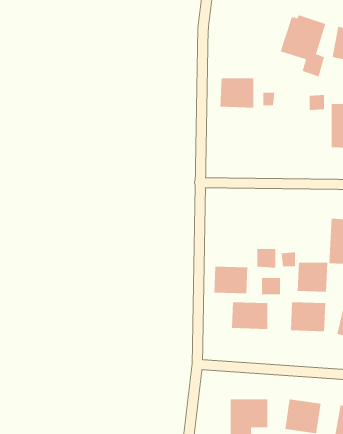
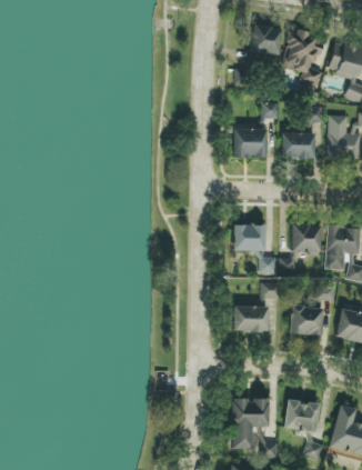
building: none -> [252,26,282,56]
building: [220,78,254,108] -> [233,129,267,158]
building: none -> [282,132,315,159]
building: [297,262,328,292] -> [292,224,322,253]
building: [213,266,248,294] -> [233,224,267,251]

